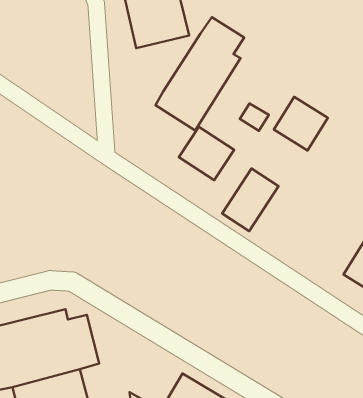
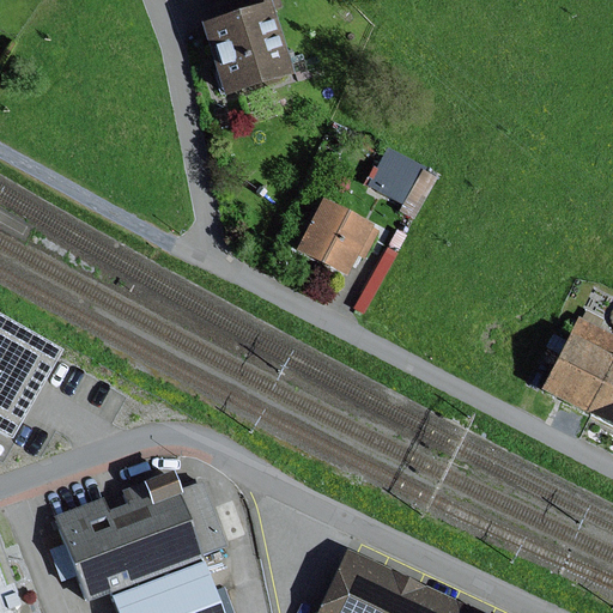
building: [155,17,244,131] -> none
building: [274,97,328,150] -> none
building: [222,169,279,231] -> none

